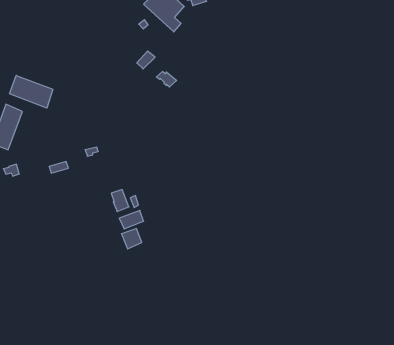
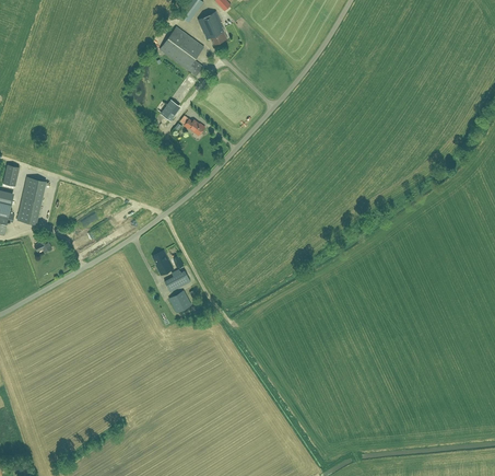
building: [9,75,53,108] -> none

